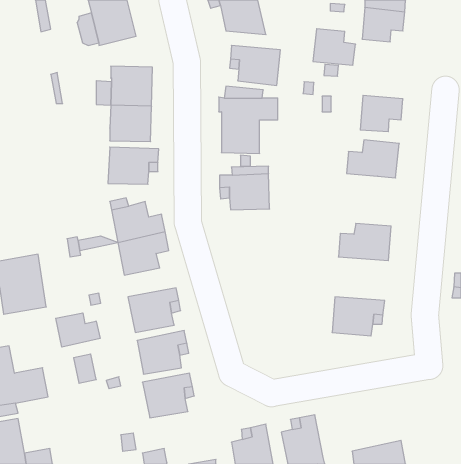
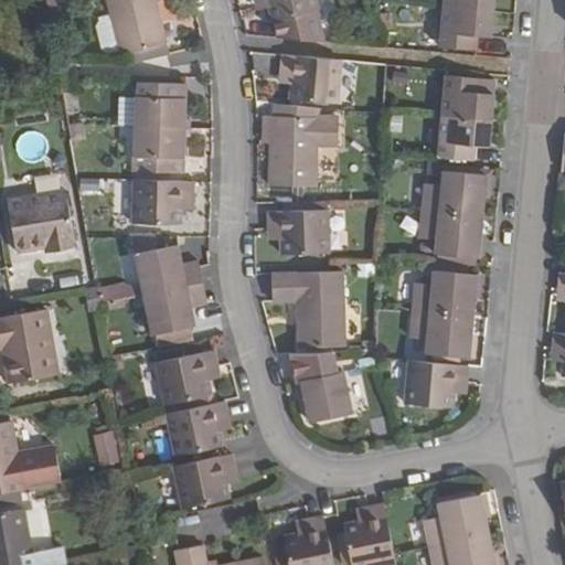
building: [313,29,356,65] -> [441,76,493,120]
building: none -> [7,191,76,253]
building: none -> [418,211,481,257]
building: none -> [270,273,343,348]
building: none -> [409,312,472,358]
building: none -> [292,360,351,423]
building: [56,313,100,347] -> none
building: none -> [423,495,488,548]

